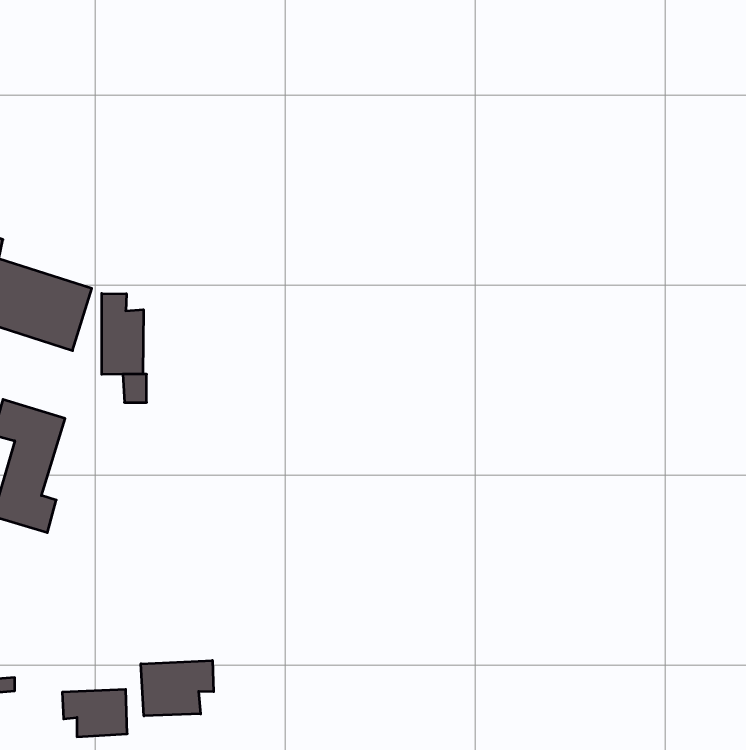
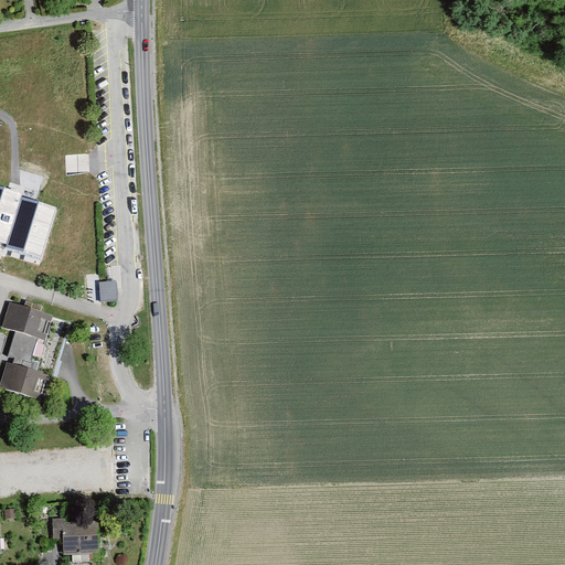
building: [102,293,143,374] -> none
building: [141,660,214,716] -> none

